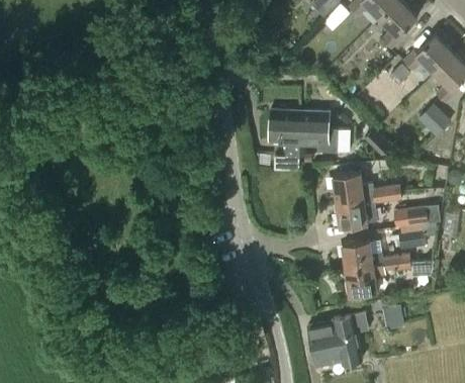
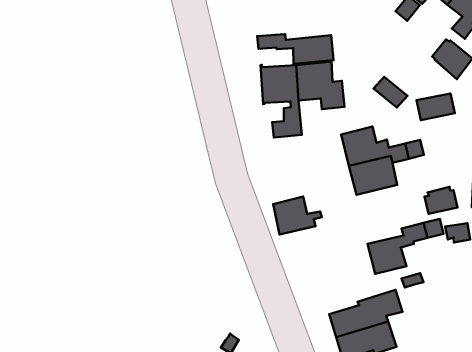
building: none -> [257,34,333,64]
building: [396,207,428,227] -> [417,93,455,120]
building: [343,240,383,270] -> [273,197,322,235]

